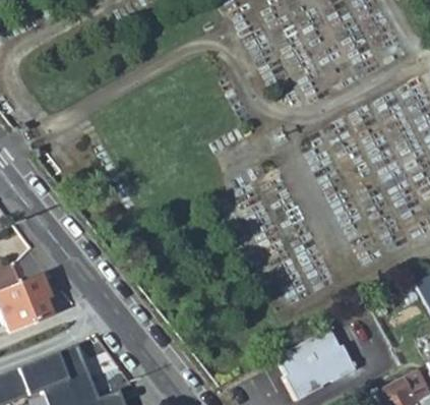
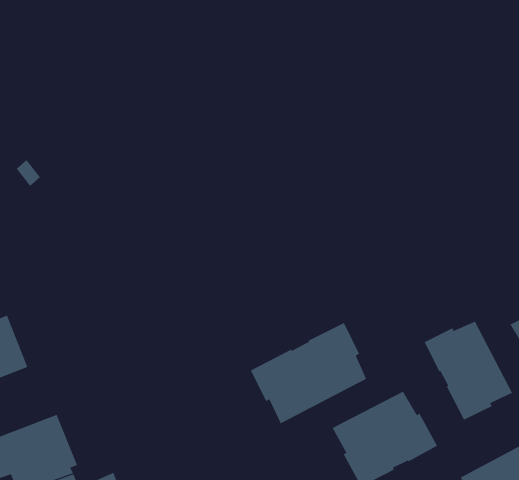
building: none -> [424,321,513,421]
building: none -> [250,322,367,424]

